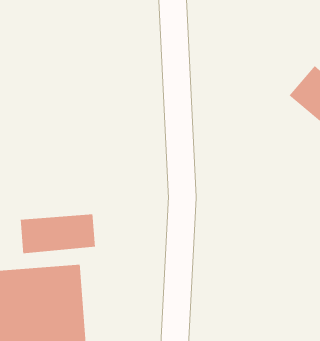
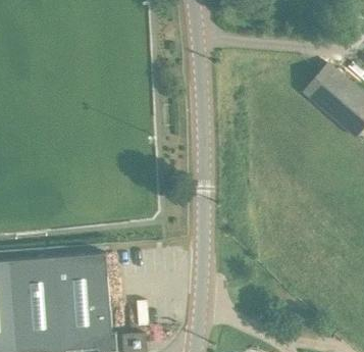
building: [20,214,96,254] -> none

